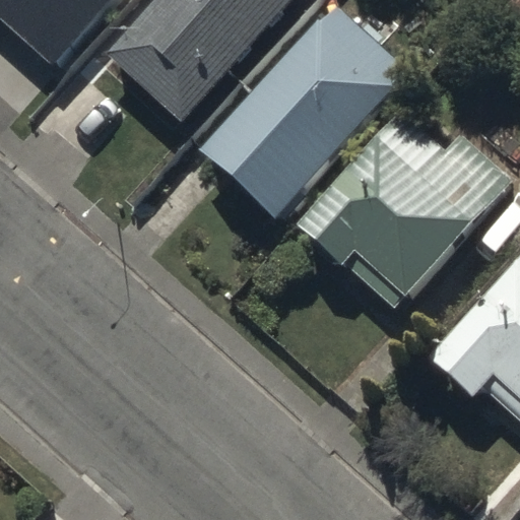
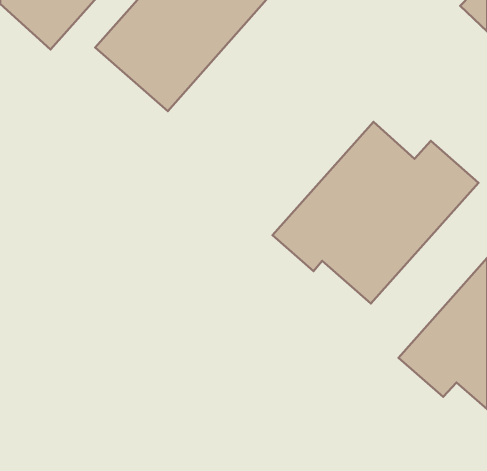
building: [196,18,409,239] -> none

